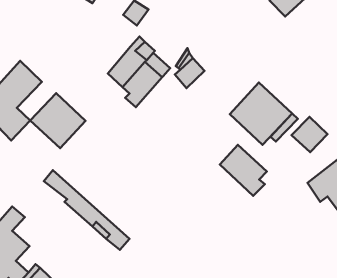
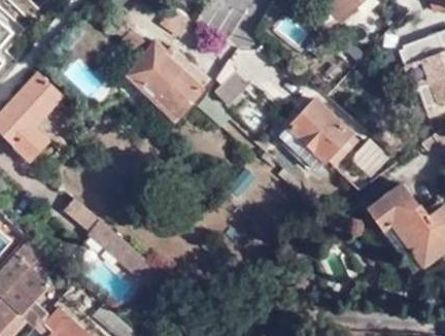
building: none -> [126,26,165,86]
building: [30,93,85,148] -> none
building: [220,145,267,196] -> none

